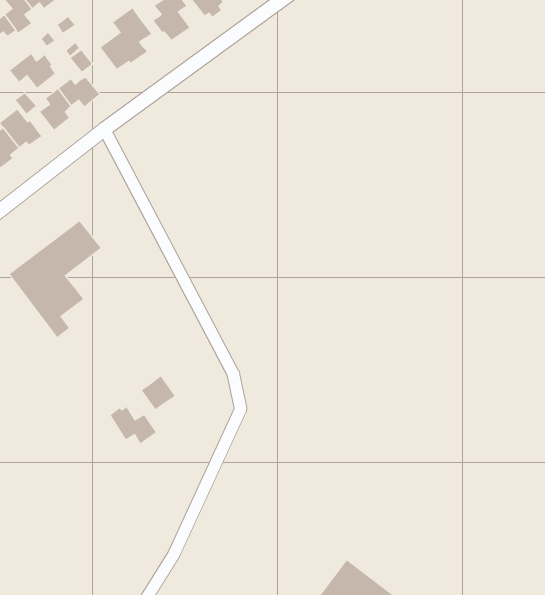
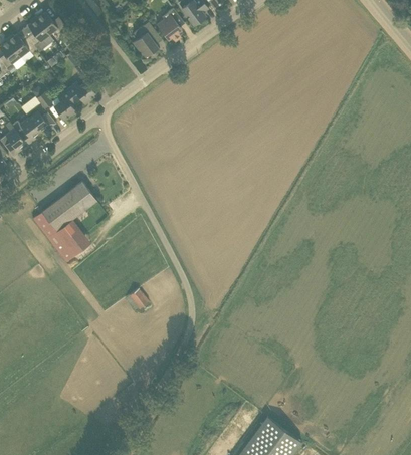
building: [100,7,152,69] -> none
building: [9,53,55,88] -> none
building: [110,406,157,444] -> none

